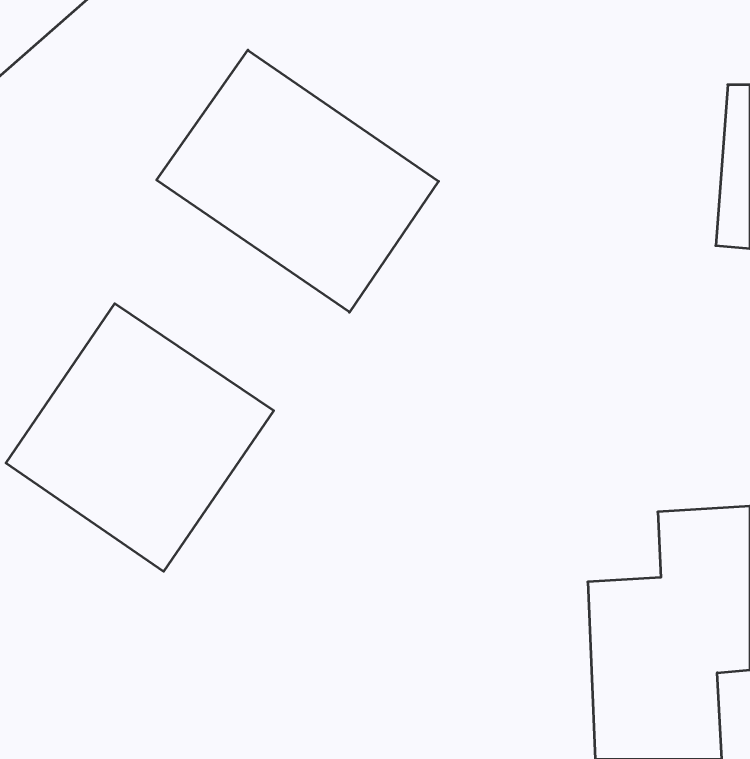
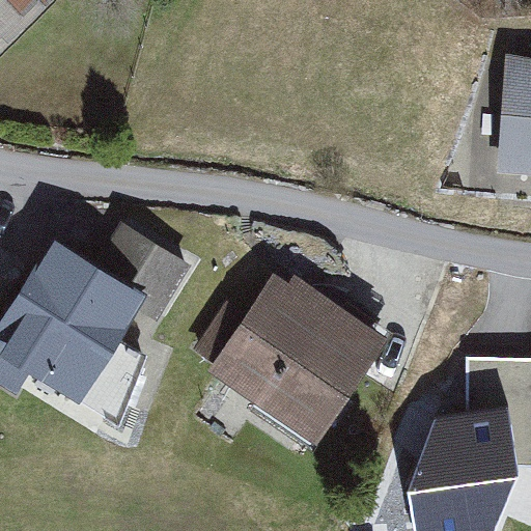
building: [157,50,439,312] -> none
building: none -> [213,277,384,447]

